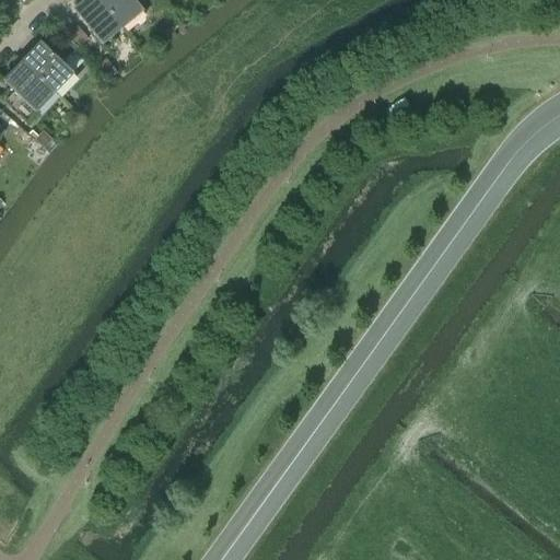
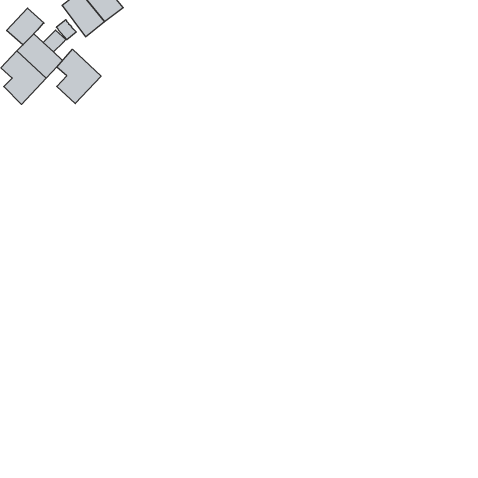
building: none -> [7,8,44,45]
building: none -> [57,49,101,104]

